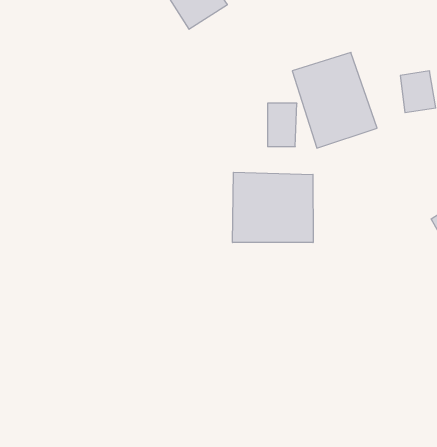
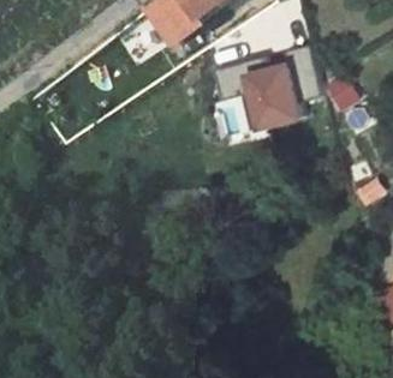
building: [233,172,313,243] -> none

